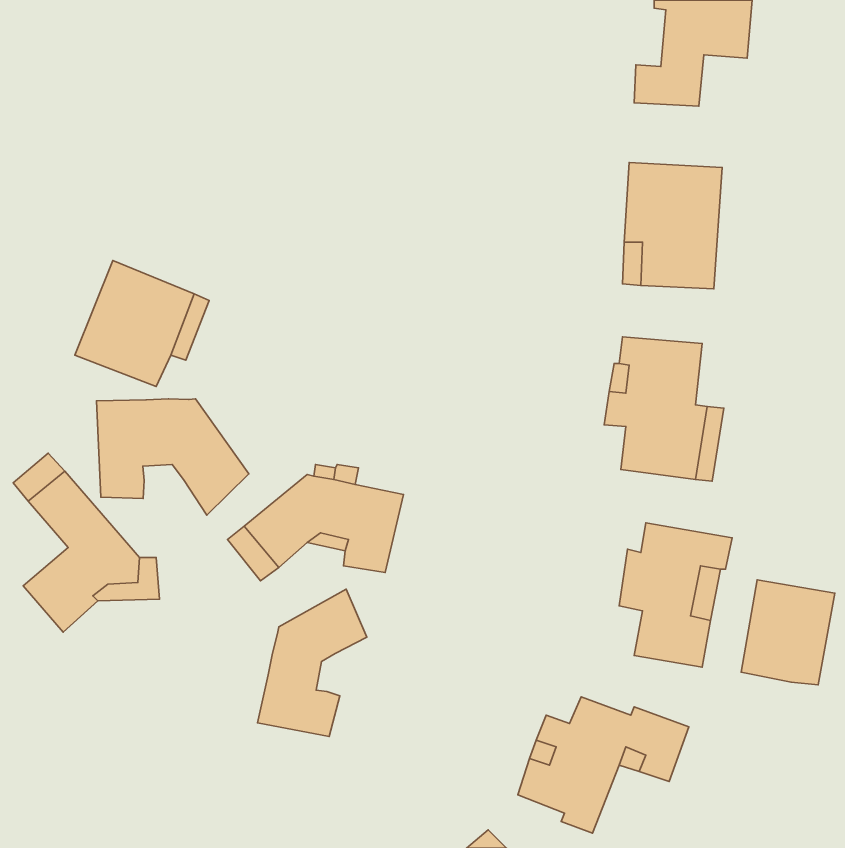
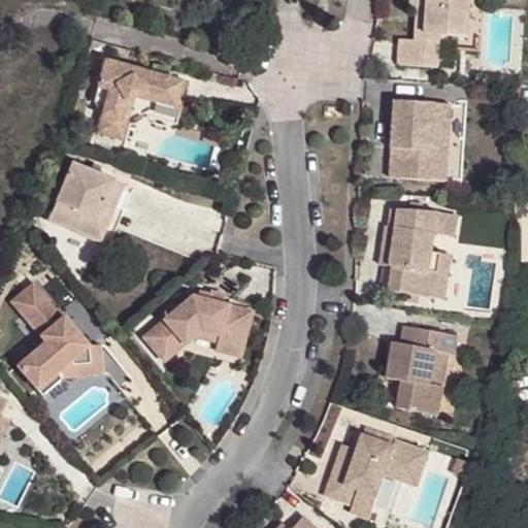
building: none -> [94,60,188,139]
building: [97,399,249,515] -> none
building: [741,580,835,685] -> none
building: [258,589,367,737] -> none

